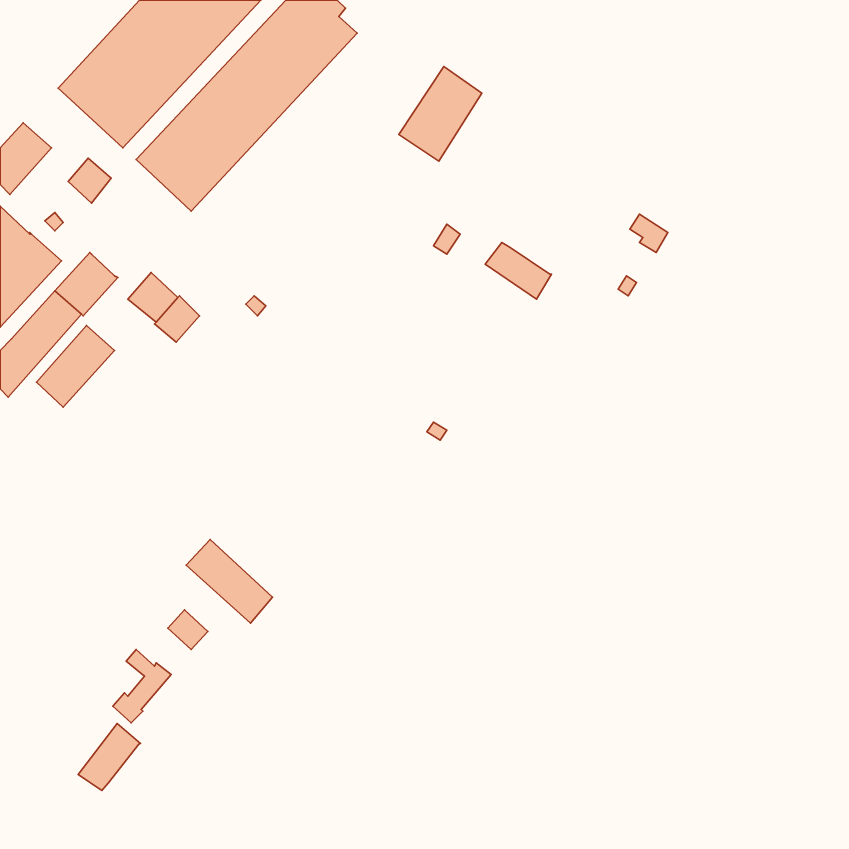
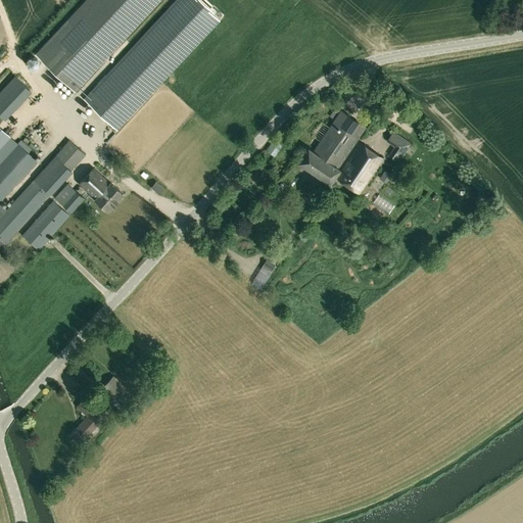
building: [399,66,482,161] -> [314,110,365,169]
building: [68,158,111,203] -> [56,142,83,170]
building: none -> [338,144,382,193]
building: none -> [55,184,84,212]
building: [186,539,273,623] -> none
building: [78,724,140,791] -> none

